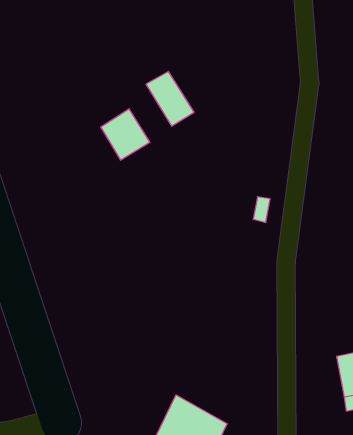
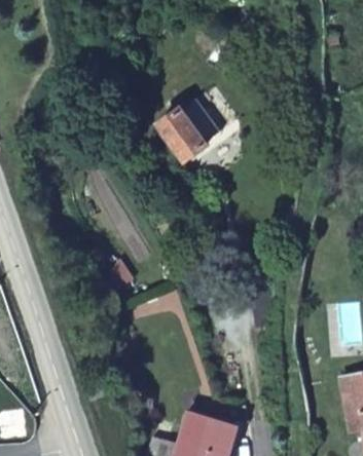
building: [101,109,150,160] -> none

